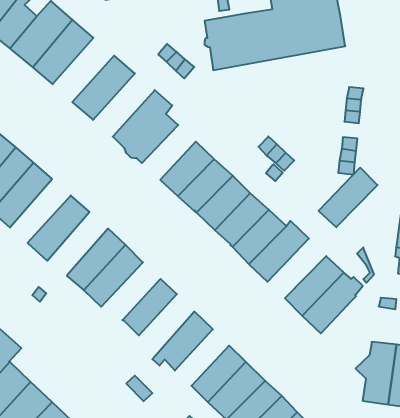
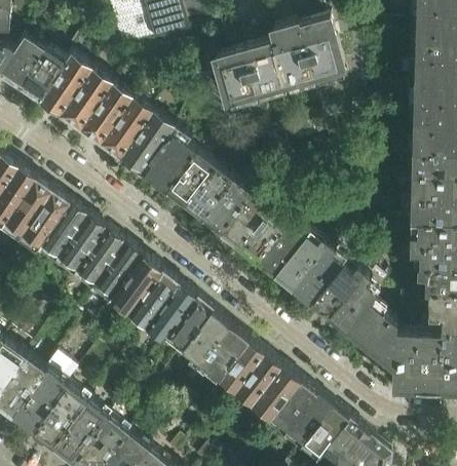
building: none -> [82,85,136,146]
building: none -> [122,114,176,173]
building: none -> [170,157,218,208]
building: [319,168,378,227] -> [296,248,347,305]
building: none -> [56,218,109,278]
building: none -> [93,244,146,306]
building: none -> [144,285,198,351]
building: none -> [184,311,232,373]
building: none -> [349,306,397,362]
building: none -> [220,340,267,393]

